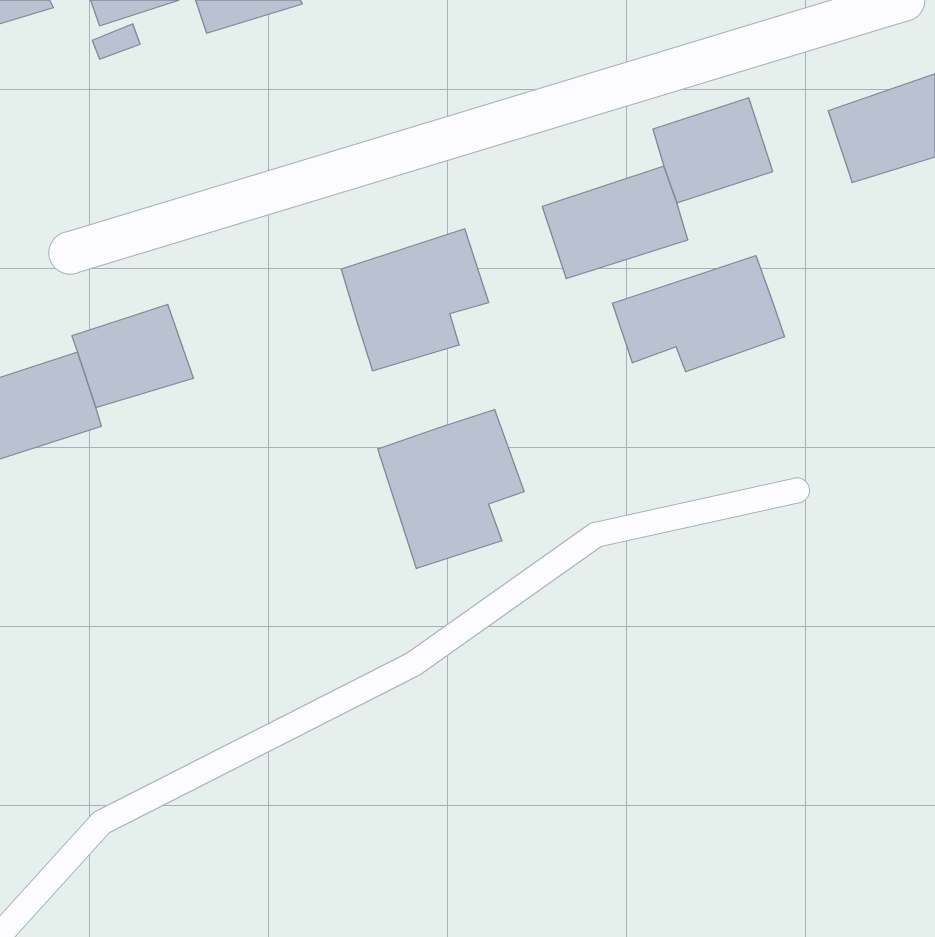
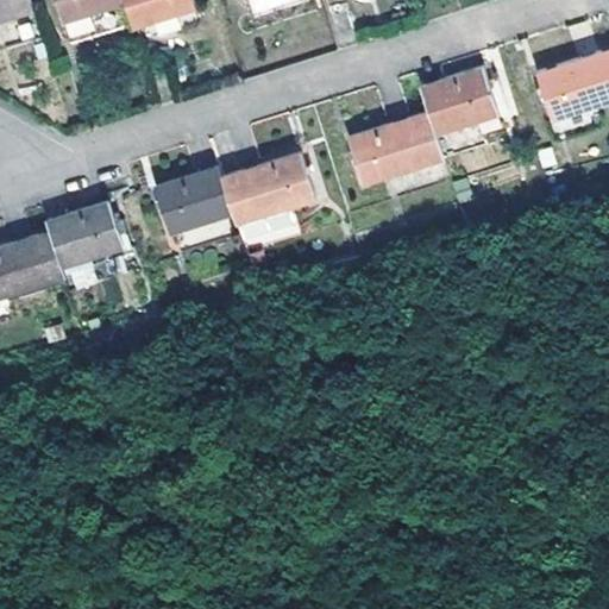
building: none -> [155,168,231,233]
building: [612,256,785,372] -> none
building: [378,409,524,569] -> none

